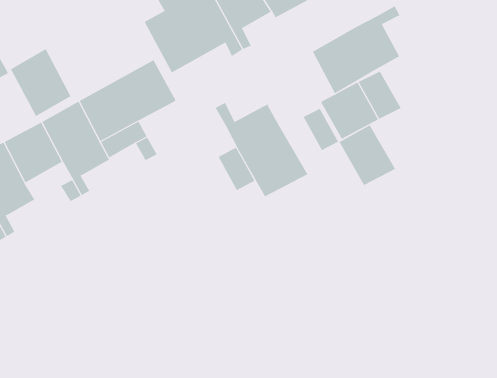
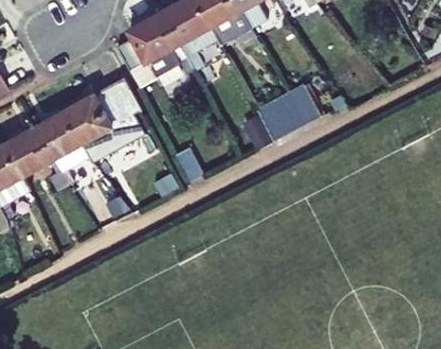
building: [312,6,400,94] -> none
building: [10,48,71,117] -> none
building: [215,102,308,197] -> none
building: [339,125,396,186] -> none

